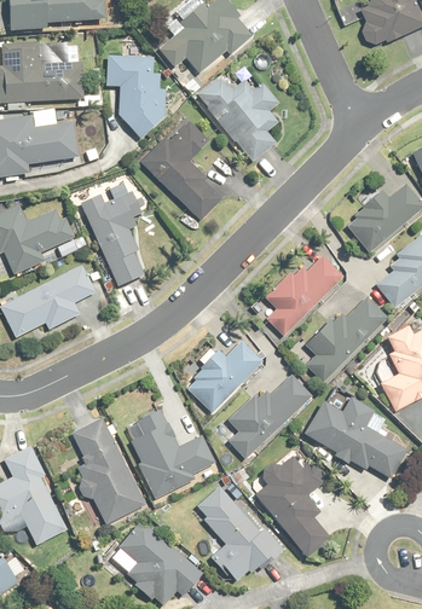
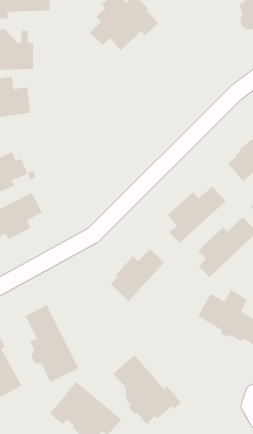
building: [106,54,166,138] -> none
building: [196,65,278,161] -> none
building: [140,121,224,221] -> none
building: [81,190,146,284] -> none
building: [226,384,311,459] -> none
building: [126,410,215,497] -> none
building: [254,457,330,557] -> none

